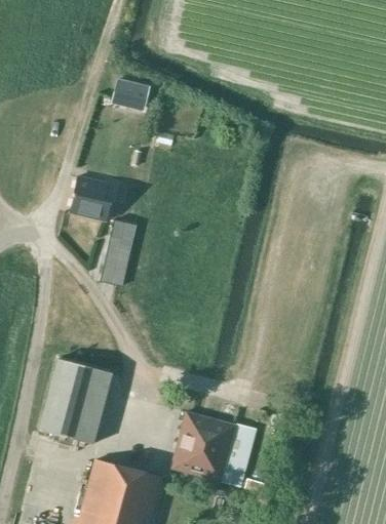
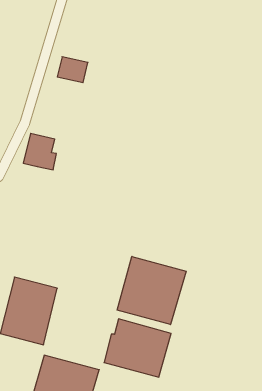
building: [102,220,138,286] -> none
building: none -> [117,256,186,325]

